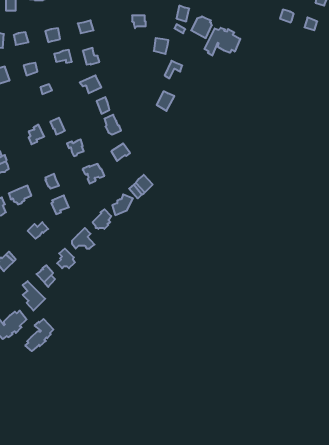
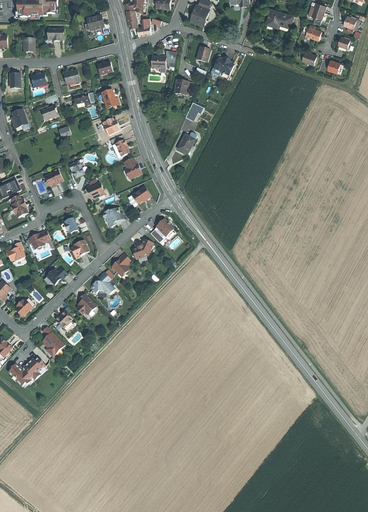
building: [204,28,240,56] -> none
building: [25,319,53,351] -> none

